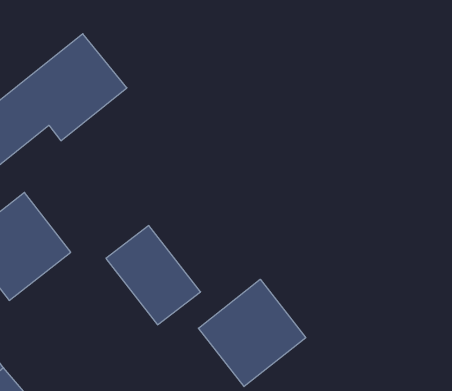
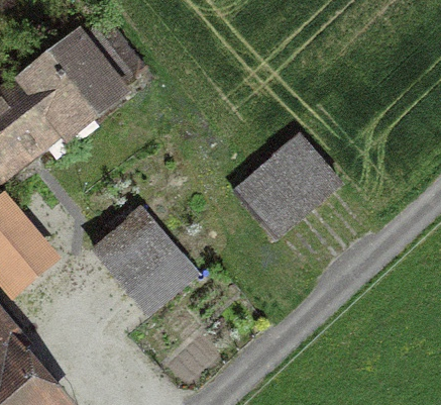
building: none -> [236,141,331,232]
building: [198,279,306,387] -> none

